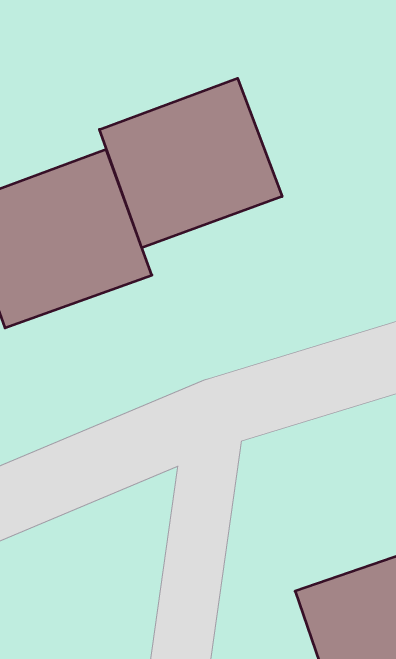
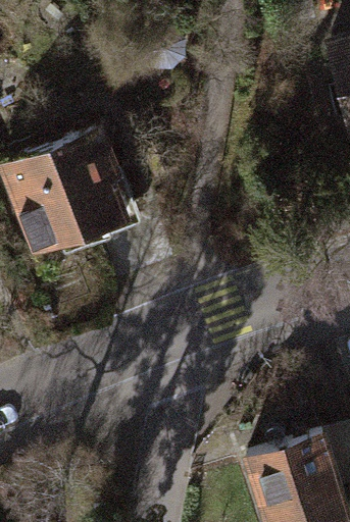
building: [99,78,282,248] -> none

